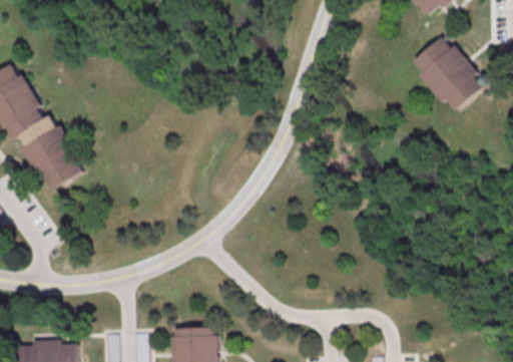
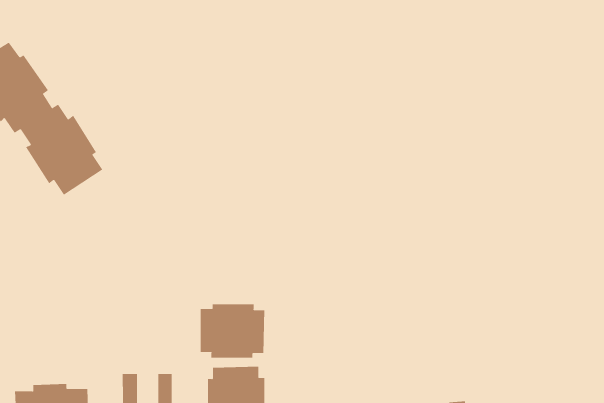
building: [417,37,487,111] -> none
building: none -> [200,304,265,359]

